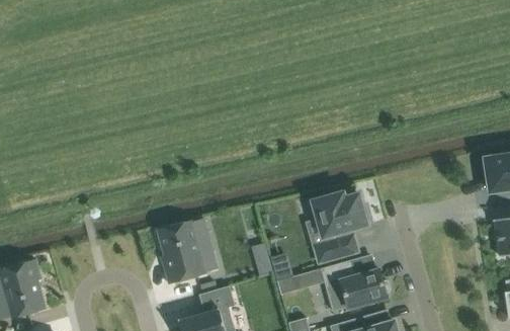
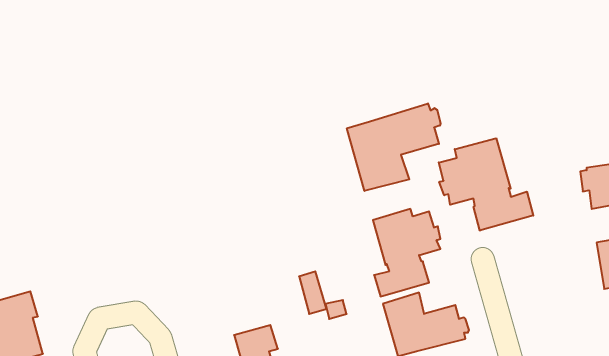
building: none -> [347,103,440,191]
building: none -> [439,138,533,231]
building: [157,221,218,284] -> none

